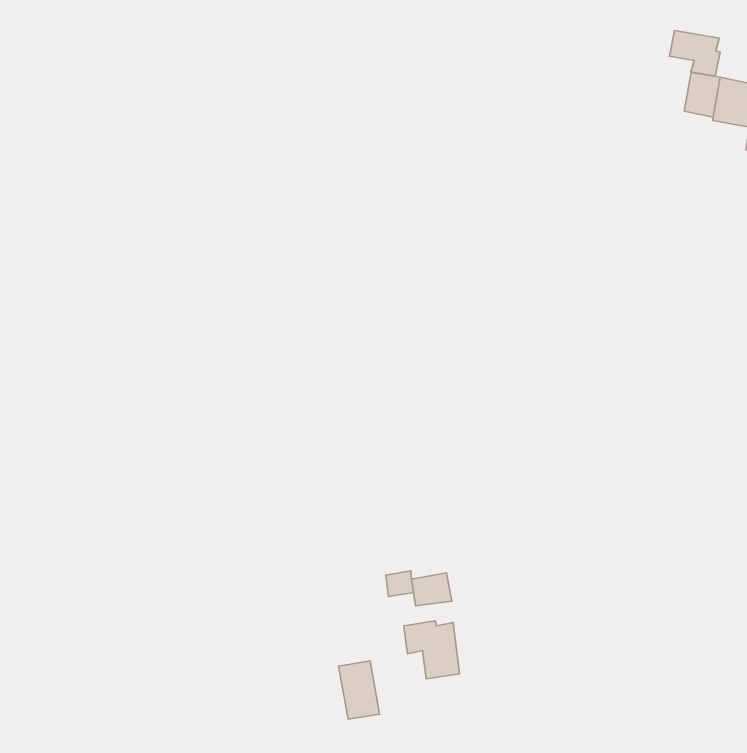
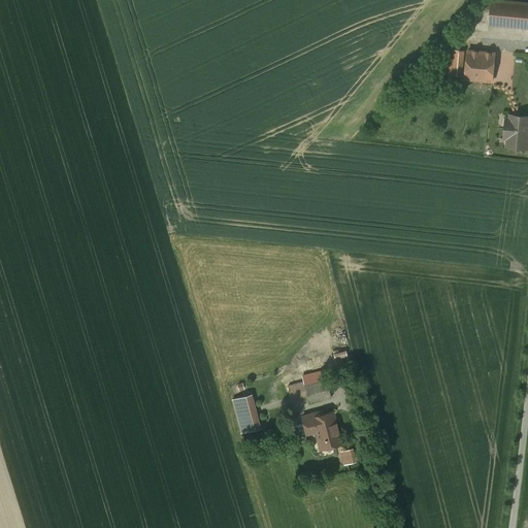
building: [670,31,720,76] -> none
building: [339,661,380,719] -> [232,394,261,432]

